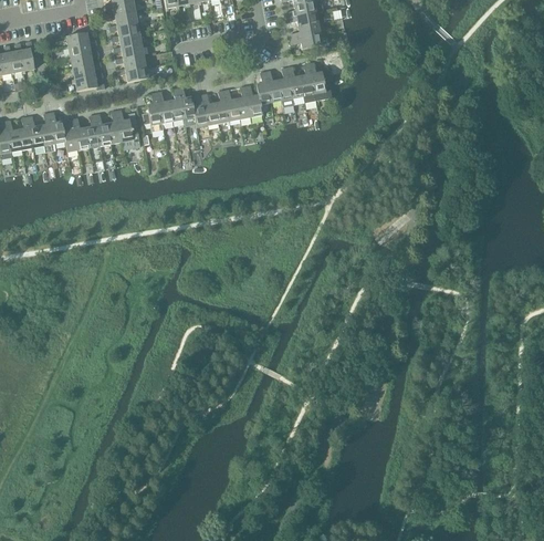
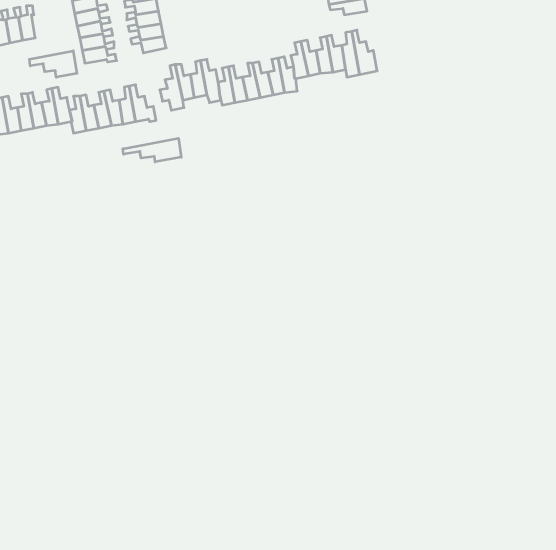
building: none -> [29,51,77,77]
building: none -> [123,138,181,162]

